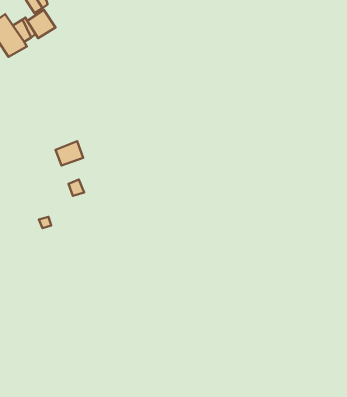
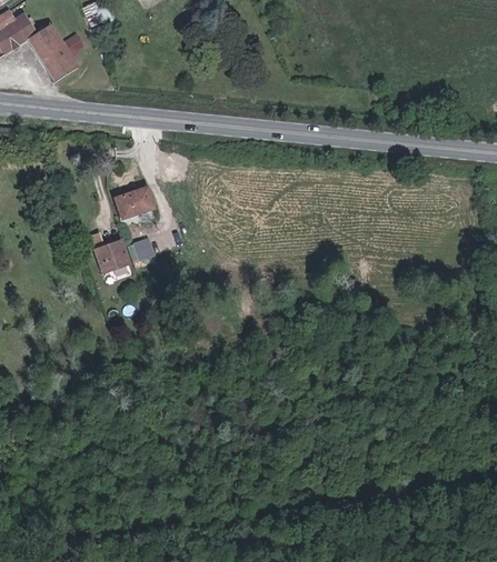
building: [27,10,56,38] -> none
building: none -> [89,234,128,273]

